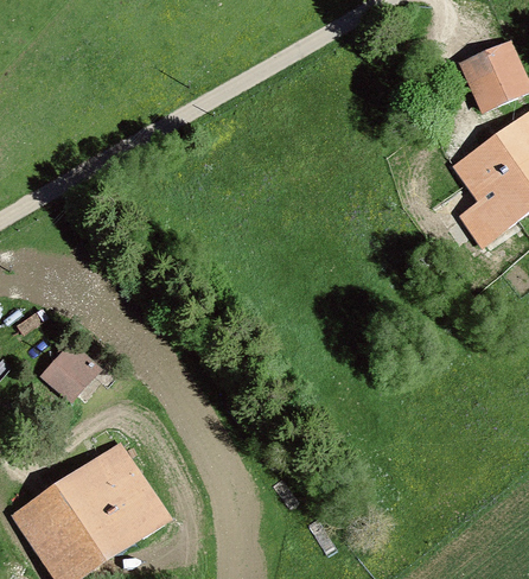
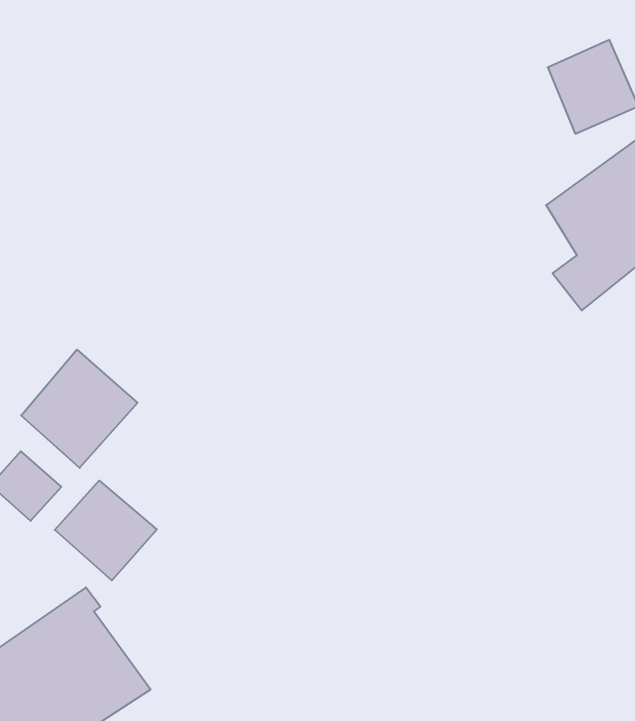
building: none -> [21,350,137,468]
building: none -> [55,481,157,580]

